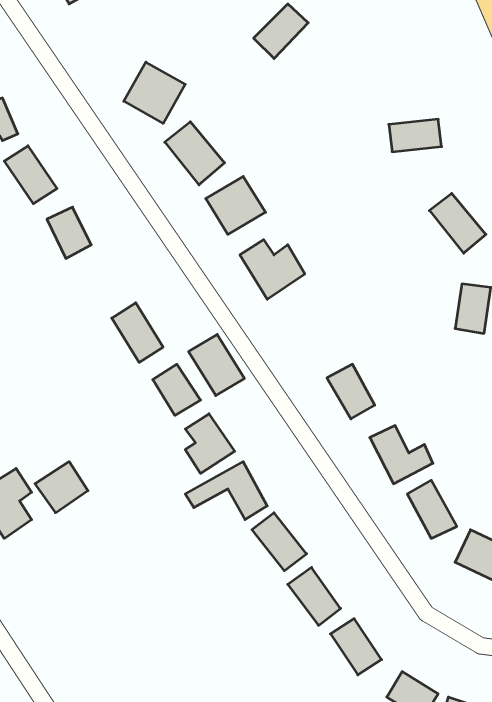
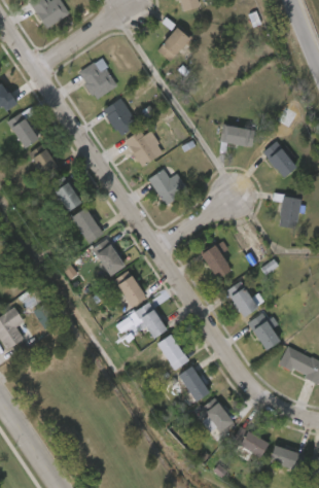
building: [389,119,442,152] -> [222,126,254,145]
building: none -> [54,181,80,211]
building: [189,334,244,396] -> none

